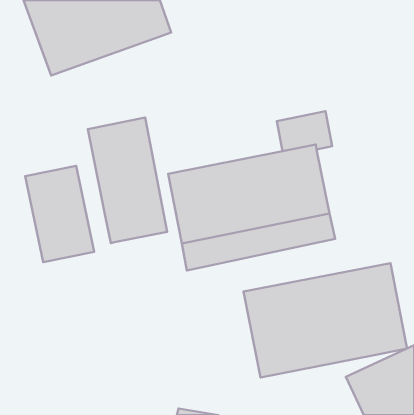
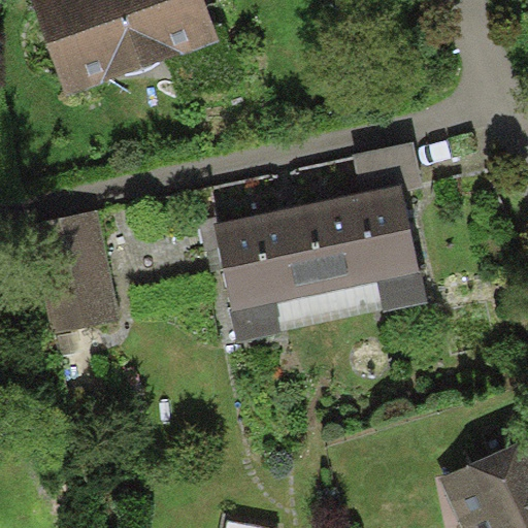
building: [88,118,167,243] -> none
building: [243,263,407,378] -> none

